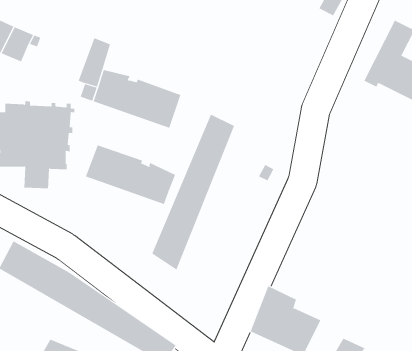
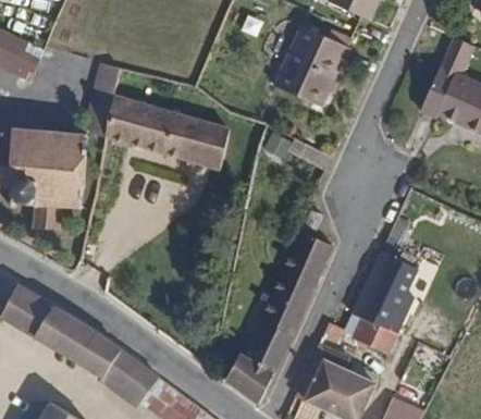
building: none -> [281,19,351,98]
building: [151,114,235,270] -> [227,222,324,404]
building: [85,145,176,205] -> none
building: none -> [337,245,416,355]

